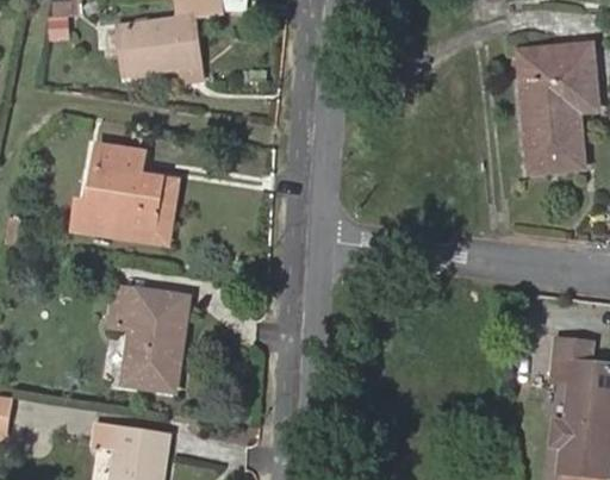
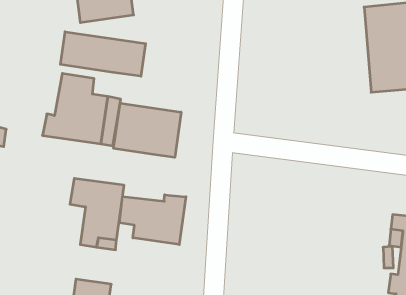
building: none -> [60,32,146,76]
building: none -> [114,103,181,157]
building: none -> [119,195,186,245]

